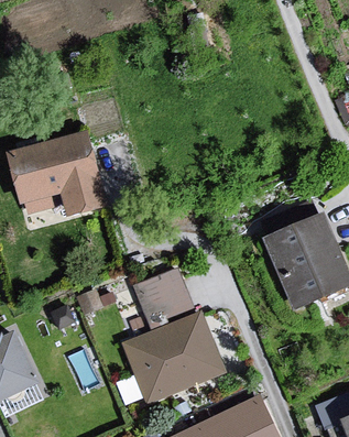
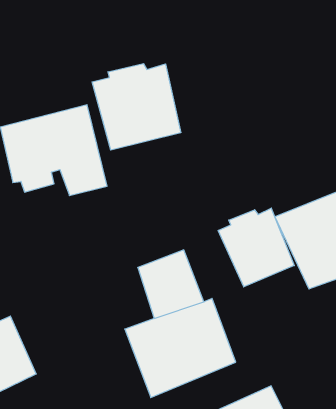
building: none -> [92,64,181,150]
building: none -> [218,208,294,287]

